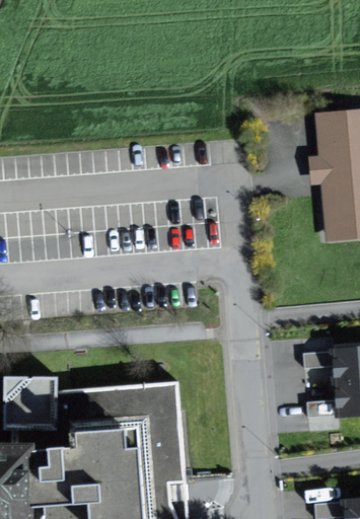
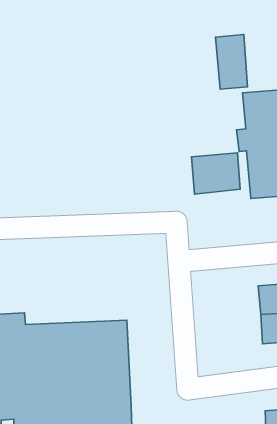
building: none -> [216,35,248,89]
building: none -> [192,153,240,194]

